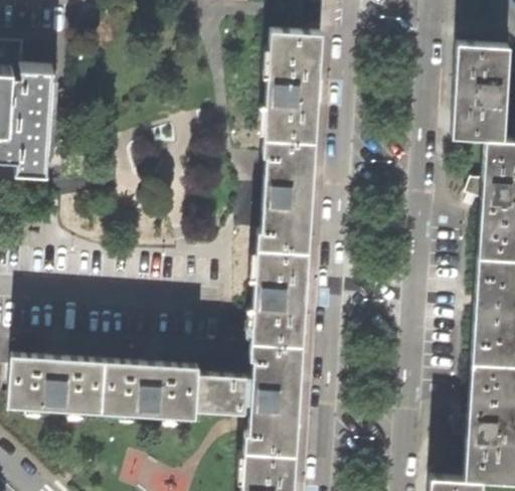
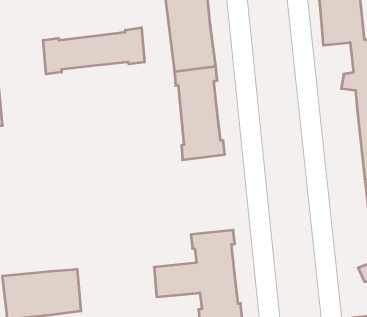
building: none -> [43,28,144,74]
building: [252,252,310,347] -> none
building: [104,363,201,421] -> none

